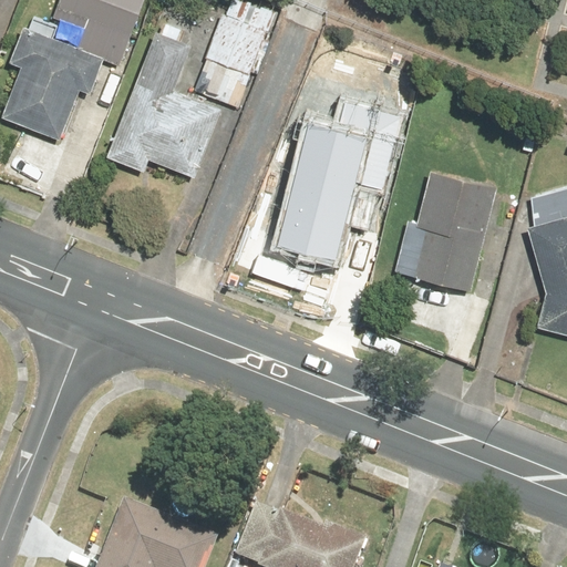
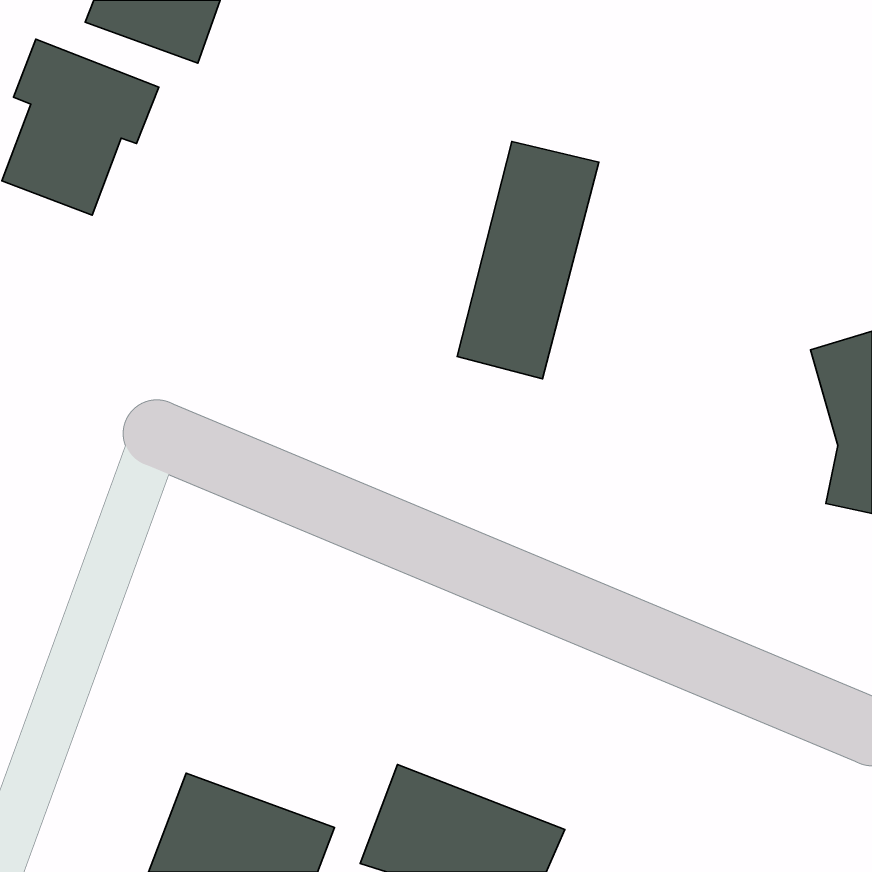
building: [204,12,267,85] -> none
building: [105,30,221,178] -> none
building: [413,171,496,291] -> none

